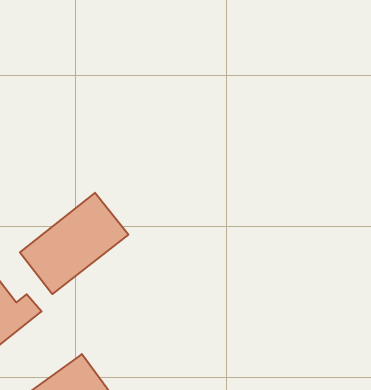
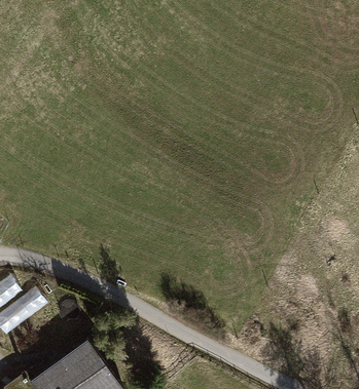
building: [20,193,128,294] -> none

